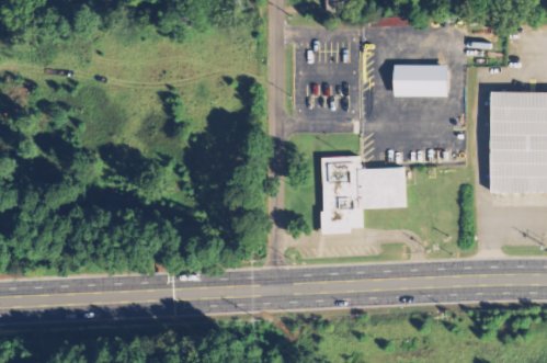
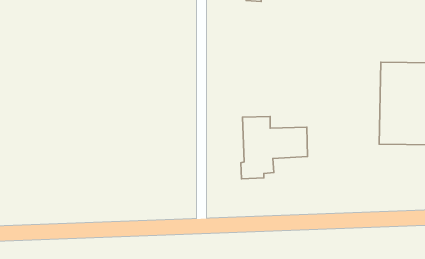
building: [392,64,445,93] -> none

